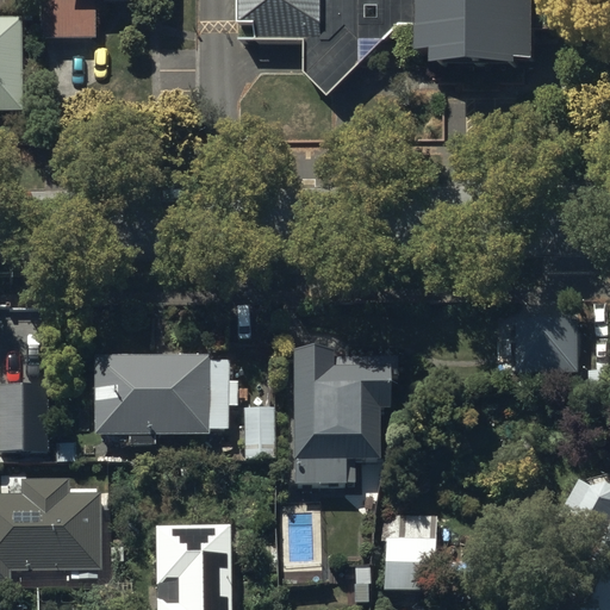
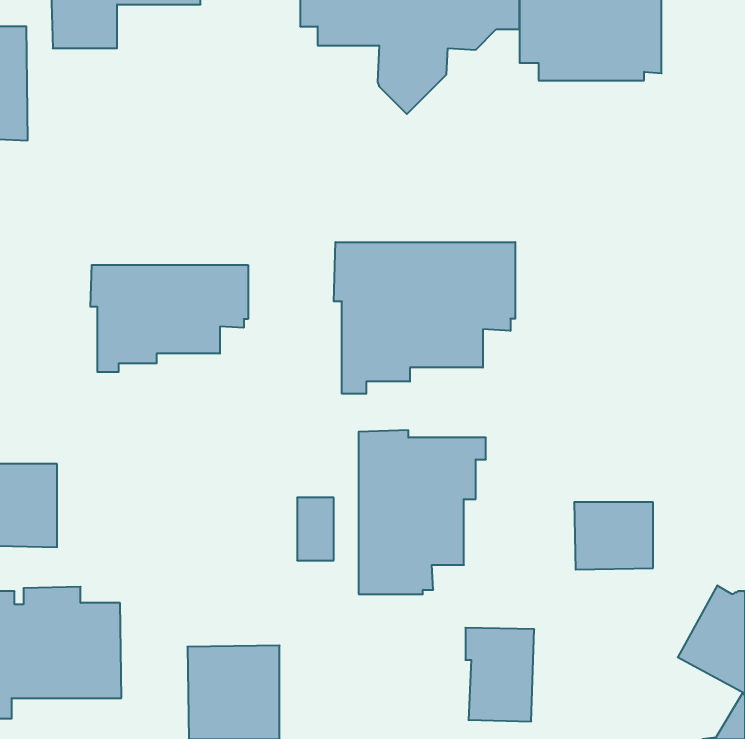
building: none -> [334,242,515,394]
building: none -> [90,265,248,372]
building: [512,311,577,366] -> [574,502,653,570]
building: [93,354,236,444] -> none

